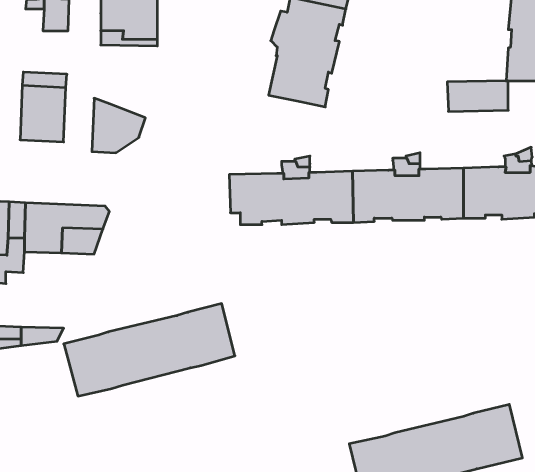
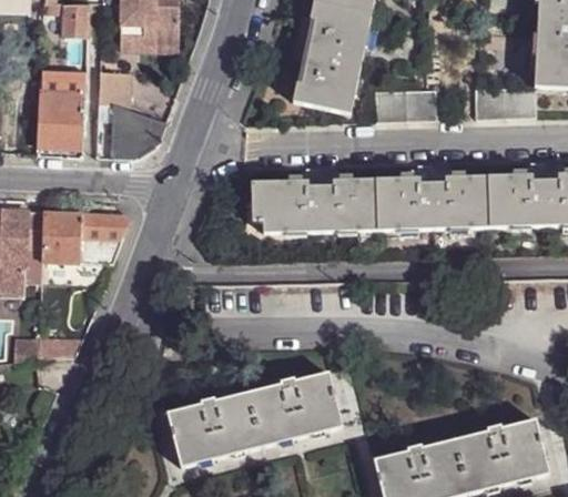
building: none -> [101,72,131,110]
building: none -> [375,89,436,122]
building: [64,304,235,396] -> [169,369,343,464]

